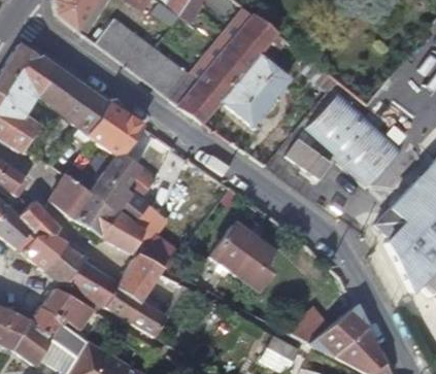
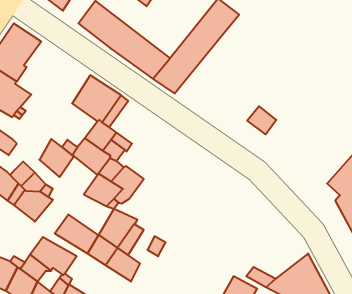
building: [224,56,289,123] -> none
building: [34,65,109,135] -> none
building: [307,91,402,181] -> none
building: [74,195,118,238] -> none
building: [212,227,272,291] -> none
building: [46,244,88,282] -> none

